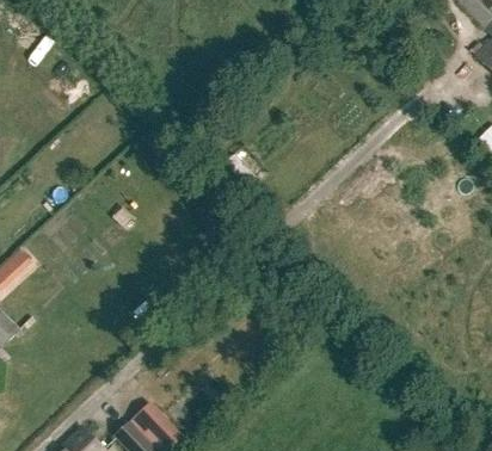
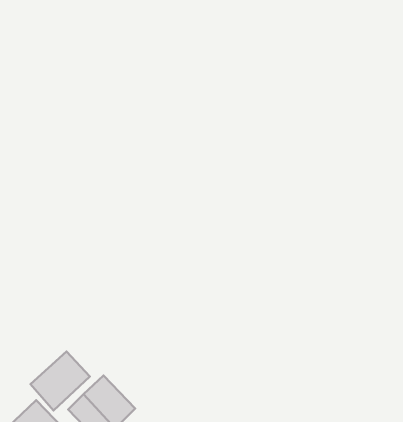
building: none -> [30,351,90,410]

